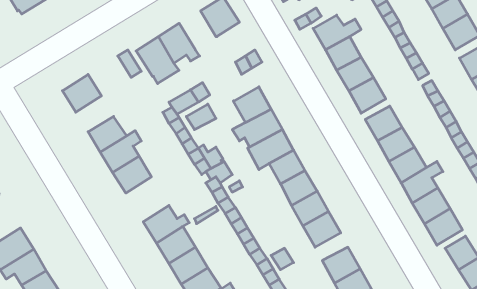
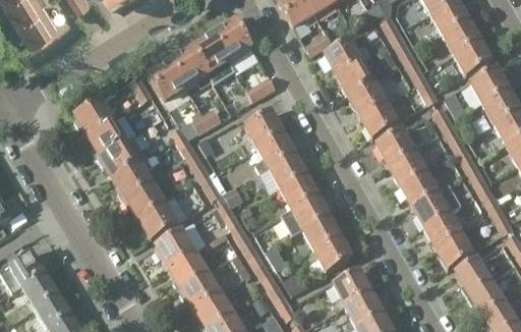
building: none -> [192,37,235,84]
building: none -> [90,121,127,157]
building: none -> [139,202,178,239]

